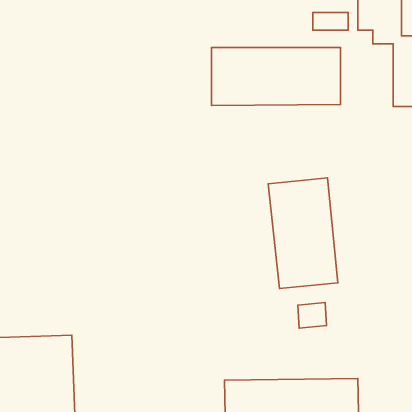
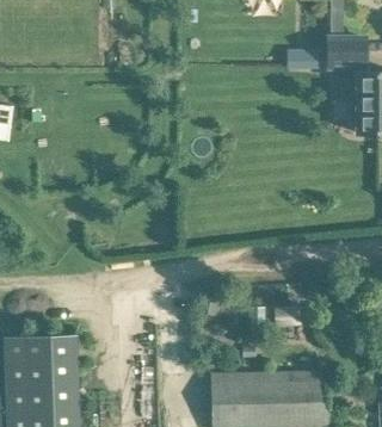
building: [212,47,341,106] -> none
building: [268,178,338,288] -> none

